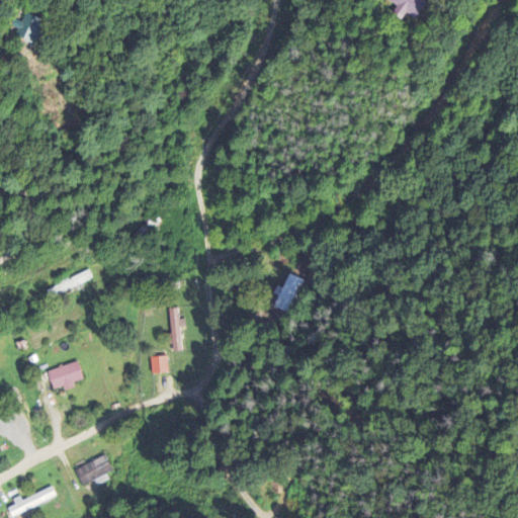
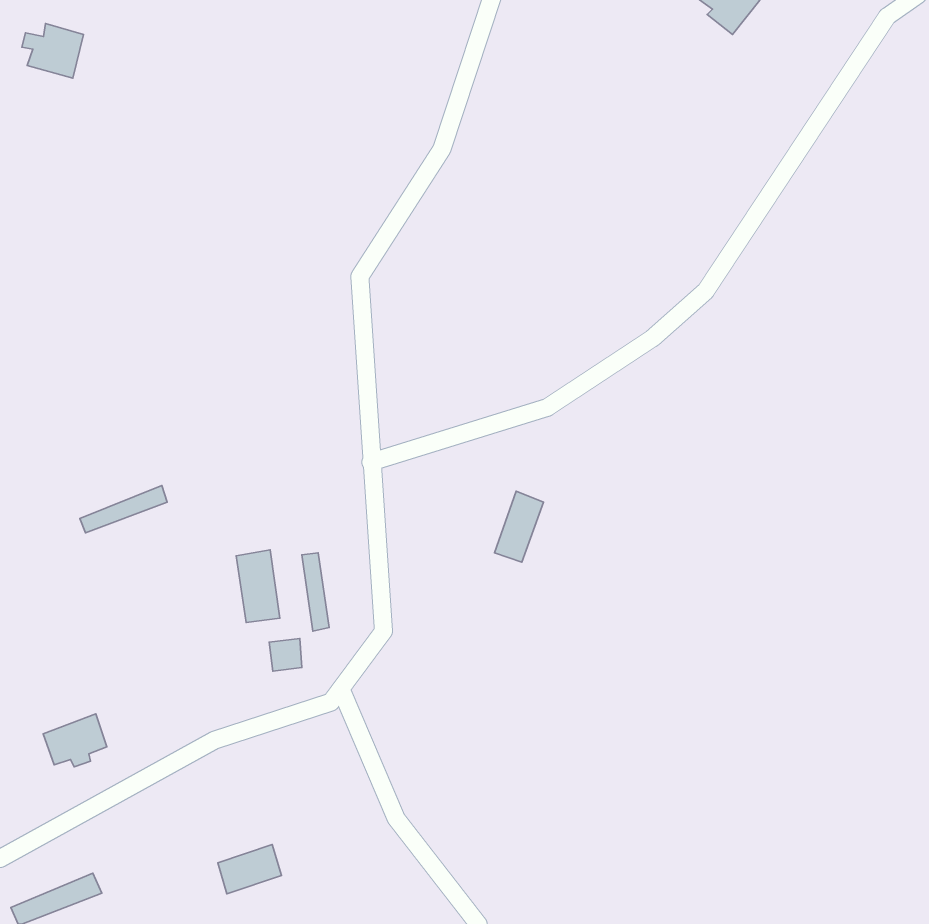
building: none -> [236,550,280,622]
building: [48,360,83,390] -> [43,714,107,767]
building: [75,456,110,484] -> [218,845,281,894]

